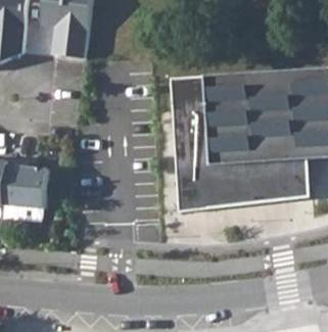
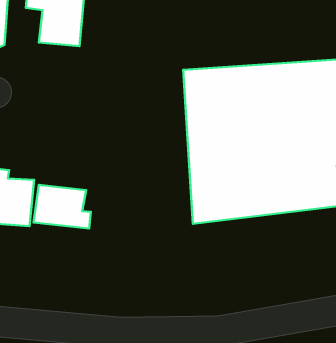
building: none -> [33,185,91,229]

